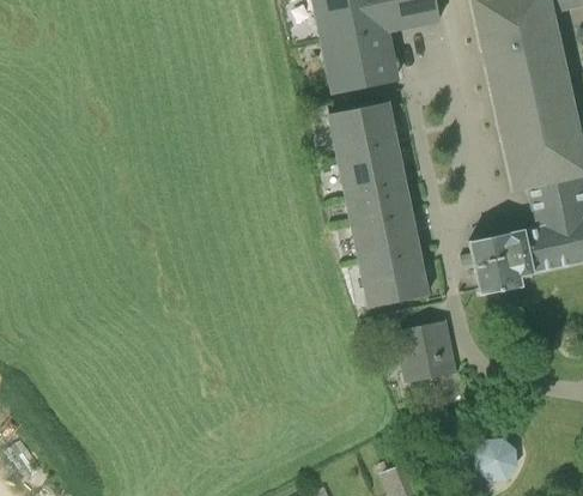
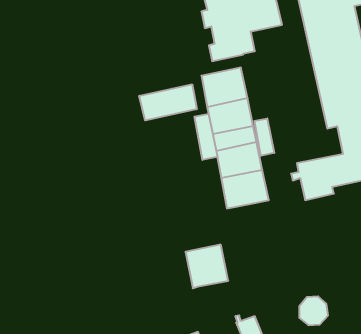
building: none -> [139,84,197,120]
building: none -> [194,114,217,160]
building: none -> [254,118,274,156]
building: [395,320,457,383] -> [185,245,228,288]

